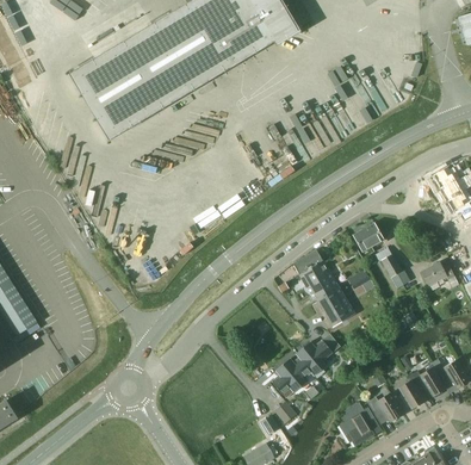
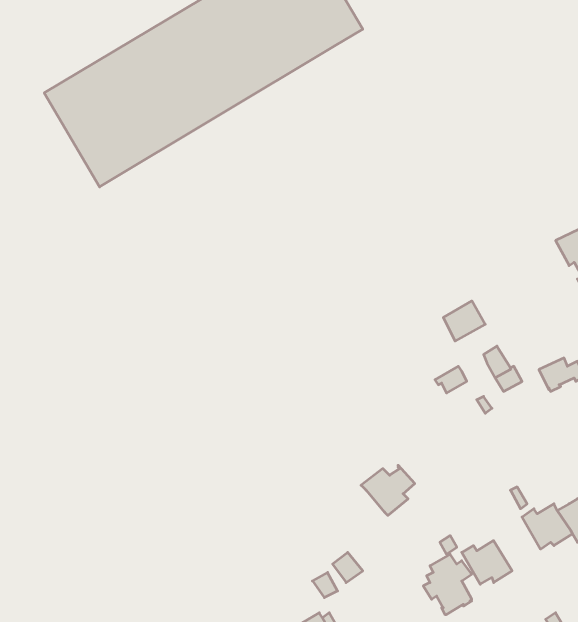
building: [292,249,353,326] -> none
building: [271,356,311,393] -> none
building: [389,376,423,414] -> none

